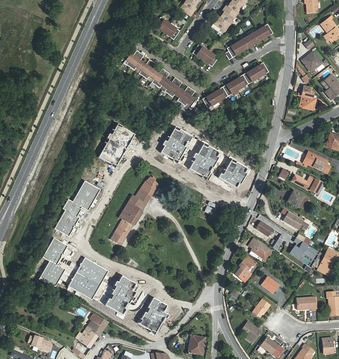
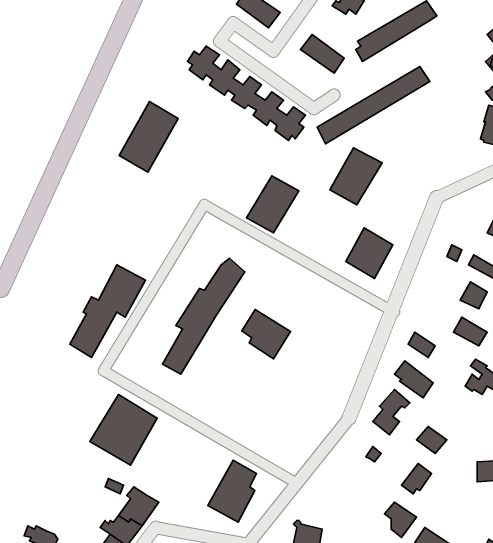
building: [98,124,133,166] -> [119,102,178,172]
building: [189,143,220,177] -> [330,148,382,205]
building: none -> [242,309,290,359]
building: [40,237,67,285] -> none
building: [105,275,139,314] -> none

